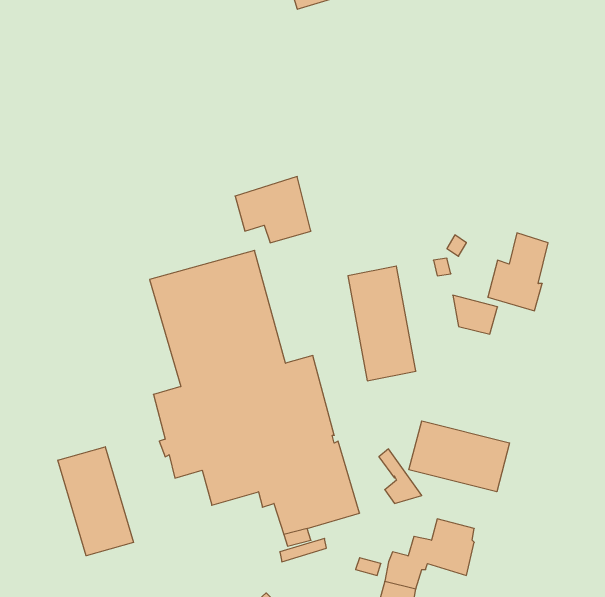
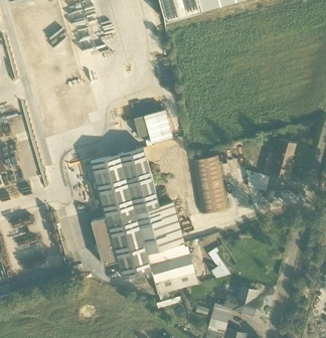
building: [409,421,510,492] -> none
building: [58,447,133,556] -> none

